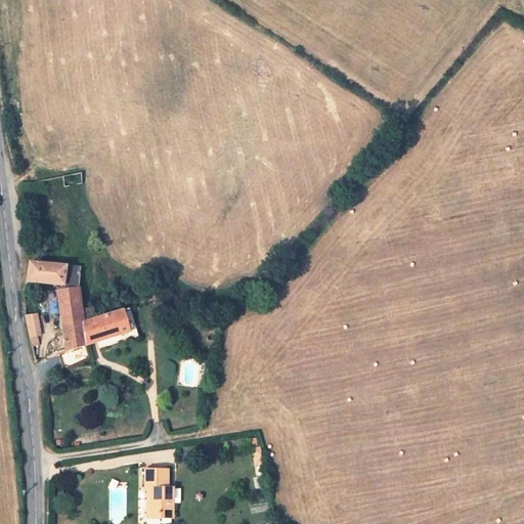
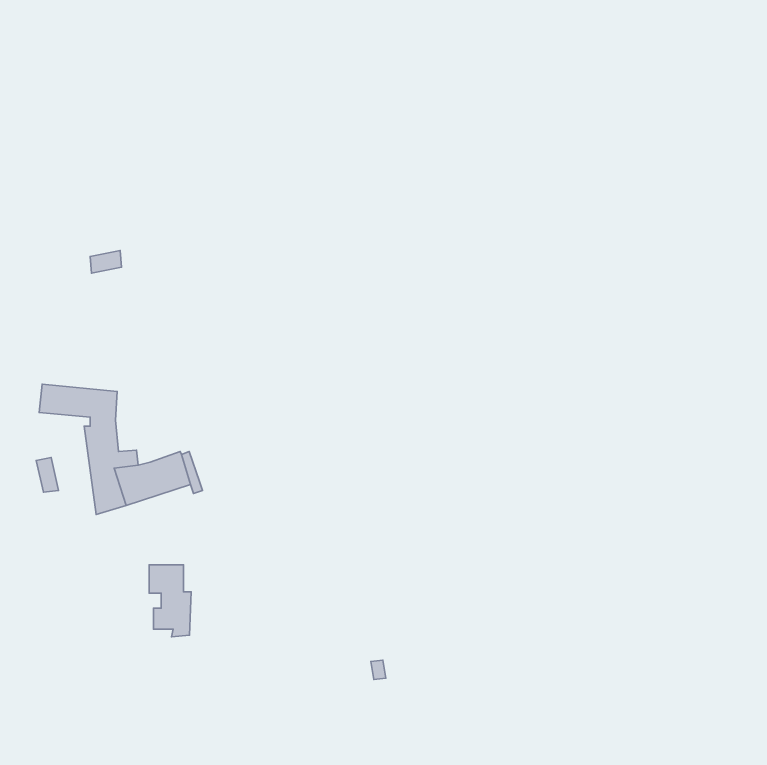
building: [144,469,173,518] -> [149,565,191,637]

